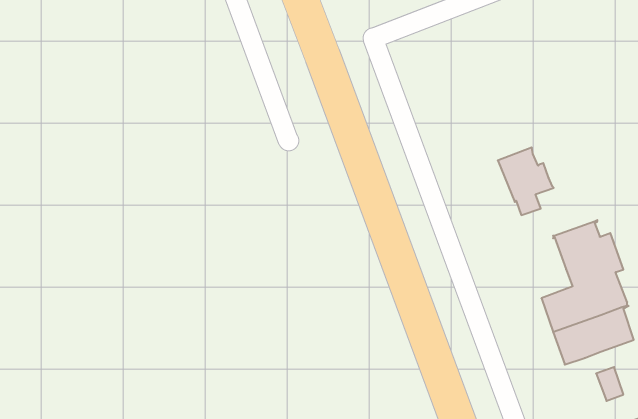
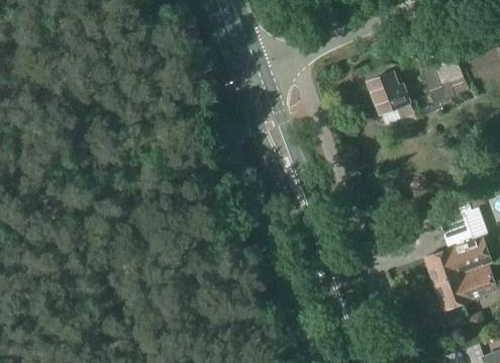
building: none -> [421,58,468,103]
building: [498,147,554,215] -> [367,72,410,124]

